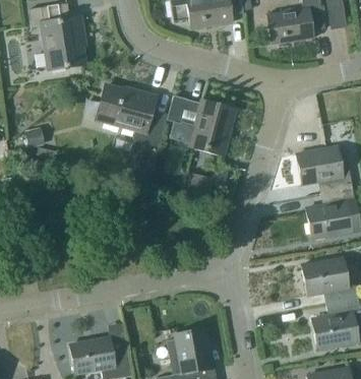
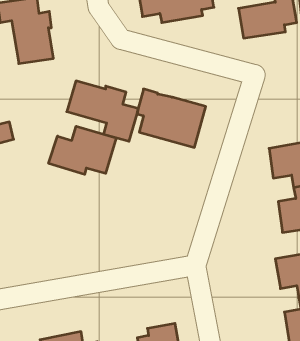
building: none -> [49,126,116,174]

